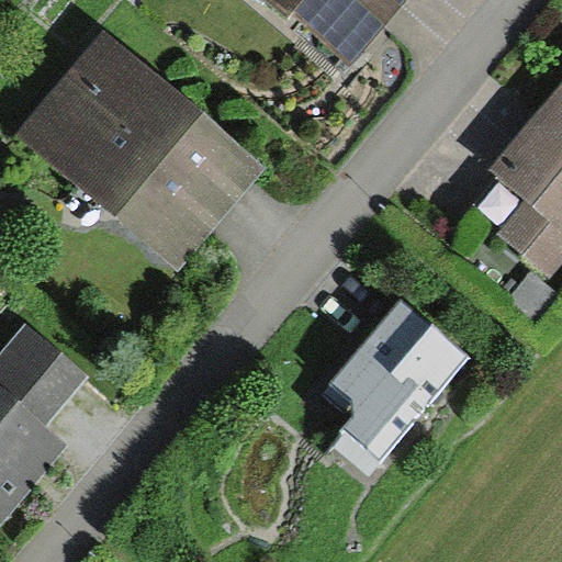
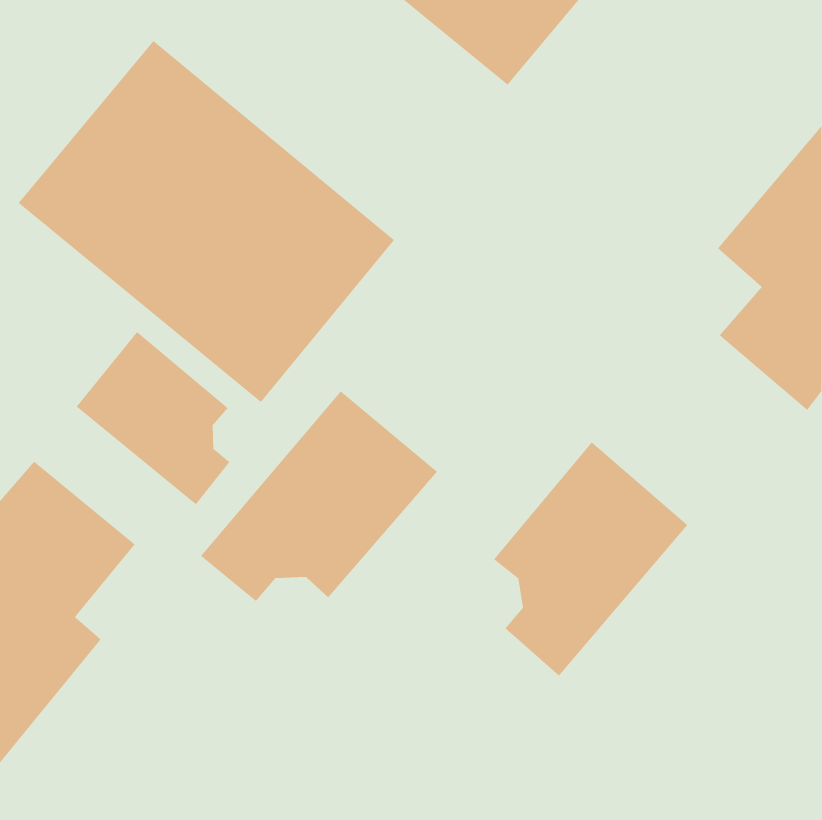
building: none -> [76,331,230,505]
building: none -> [200,391,438,602]

